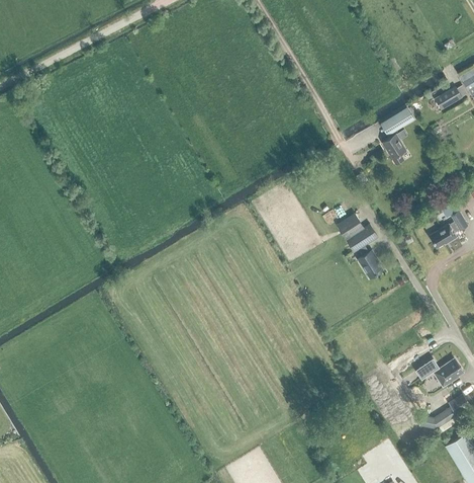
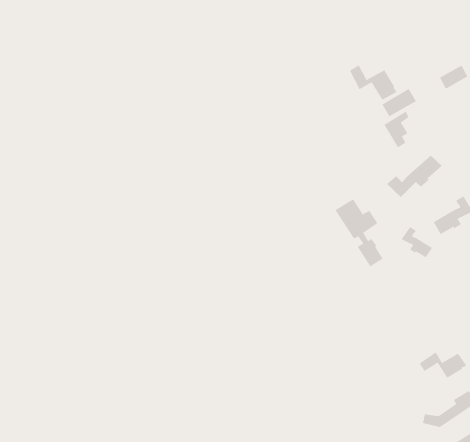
building: none -> [349,64,397,101]
building: none -> [386,155,442,198]
building: none -> [401,226,433,258]

